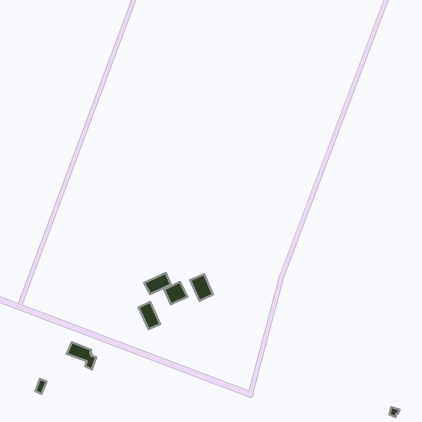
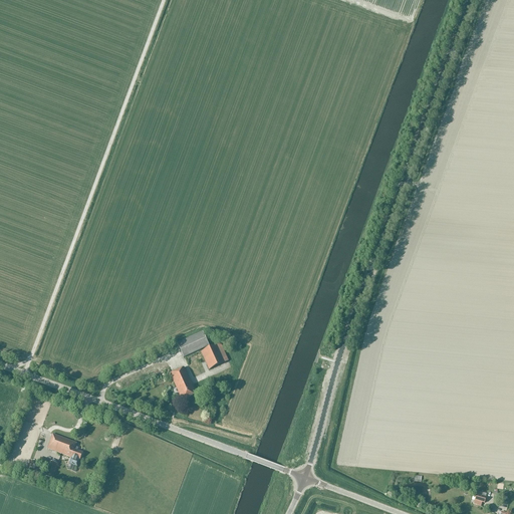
building: [190,274,213,301] -> none
building: [67,342,96,370] -> [45,433,80,466]

